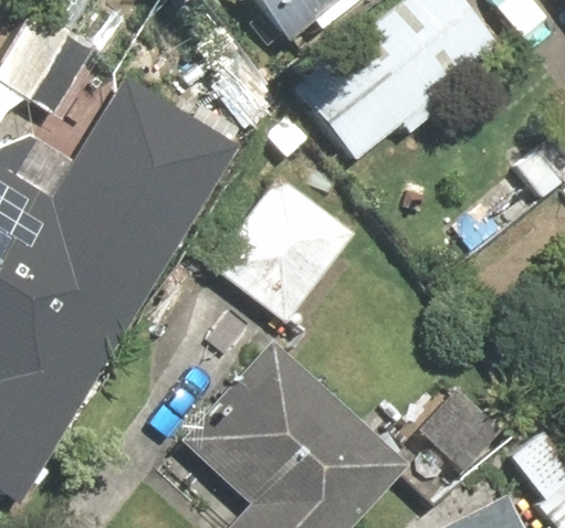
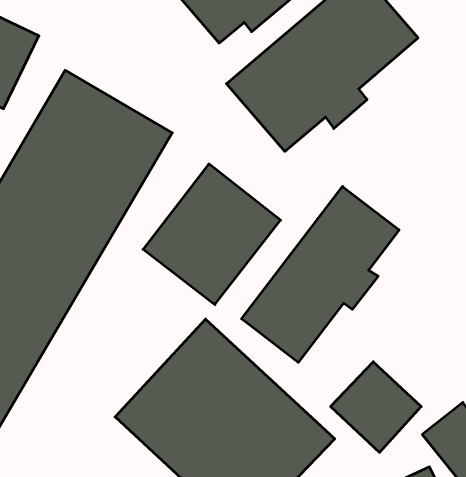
building: none -> [242,186,399,362]

